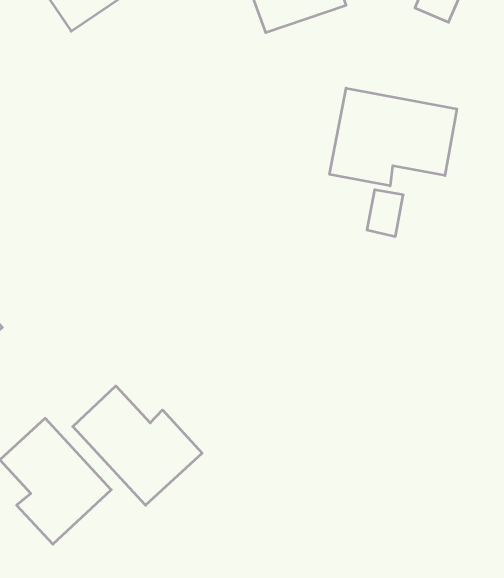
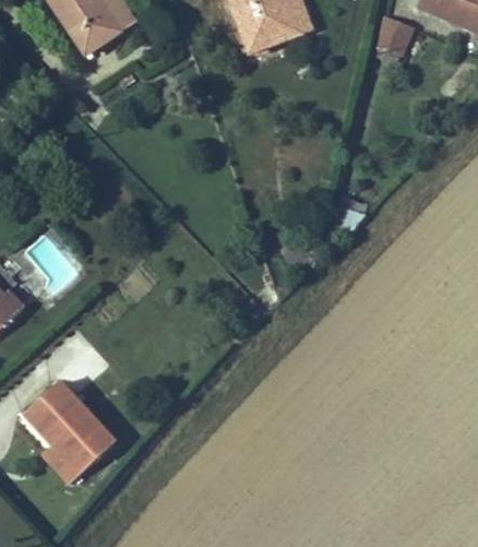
building: [330,88,457,186] -> none
building: [73,386,202,505] -> none

